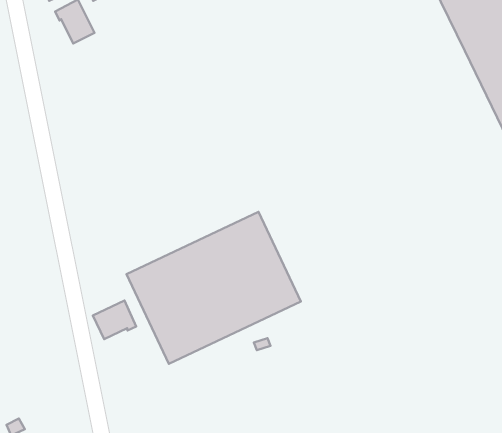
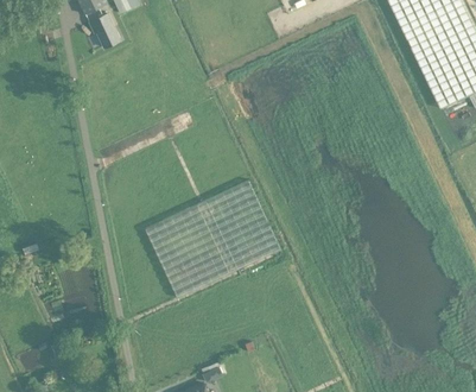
building: [93,300,136,339] -> none

